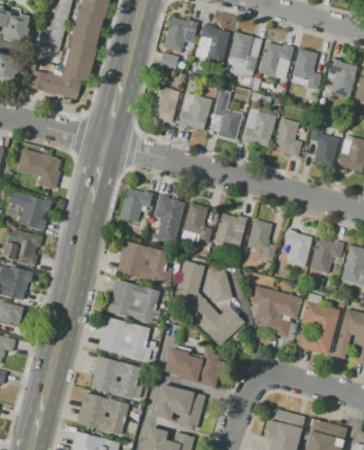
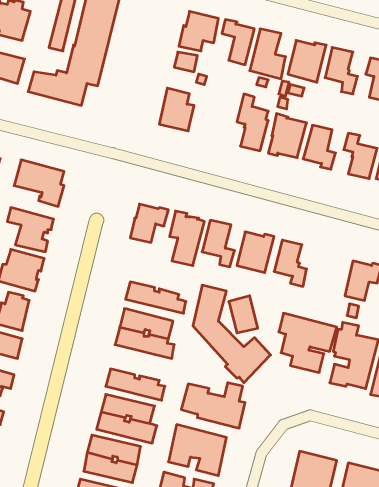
building: [178,93,212,130] -> none
building: [285,229,312,267] -> none
building: [120,242,167,268] -> none
building: [102,318,150,345] -> none

